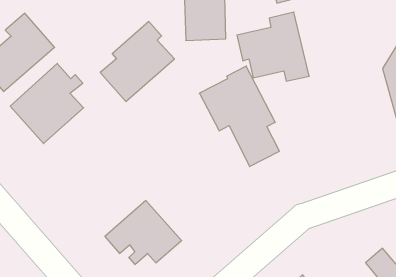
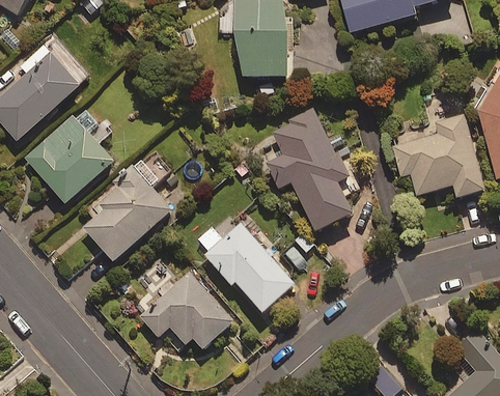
building: [237,12,309,81] -> [395,114,483,198]
building: [100,21,174,101] -> [82,164,172,261]
building: none -> [204,223,295,313]

